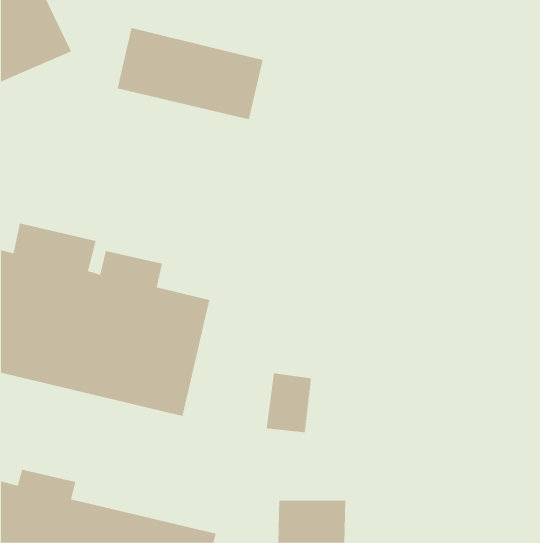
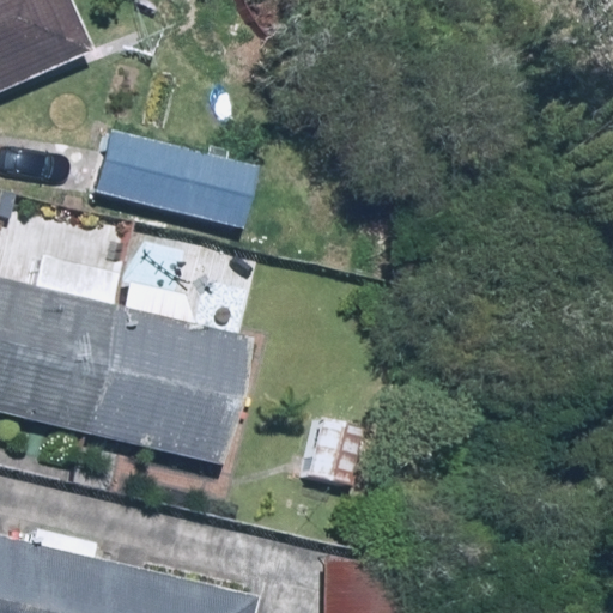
building: [117,28,264,120] -> [90,127,254,230]

